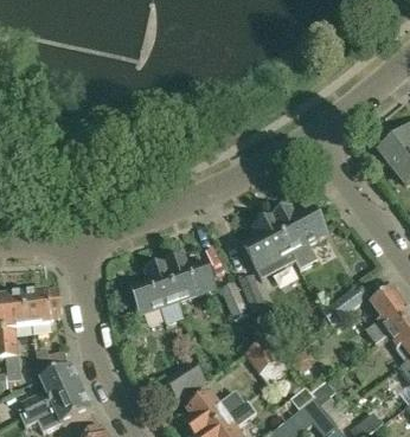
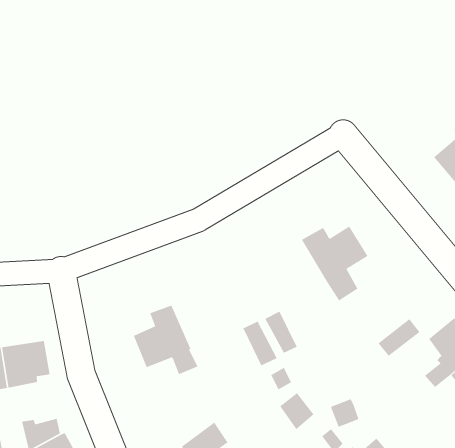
building: [243,217,292,271] -> none
building: [165,257,216,302] -> none

